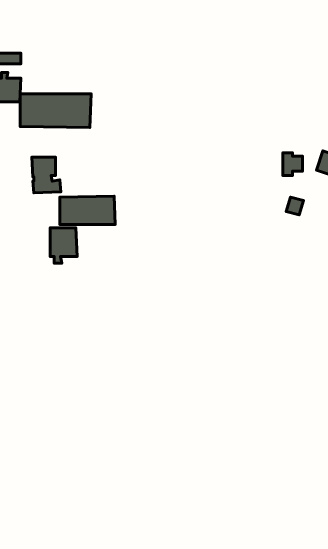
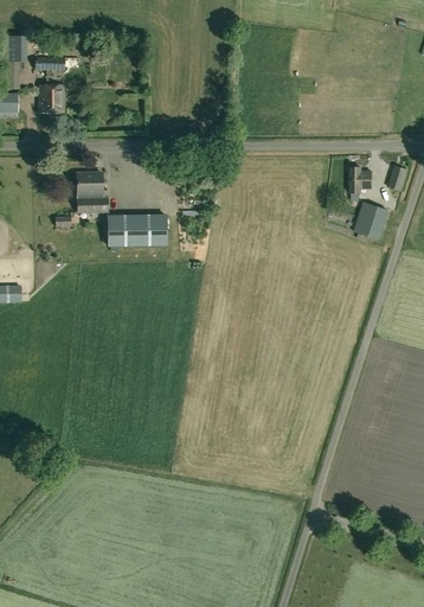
building: [20,94,91,128] -> none
building: [50,228,77,263] -> none

